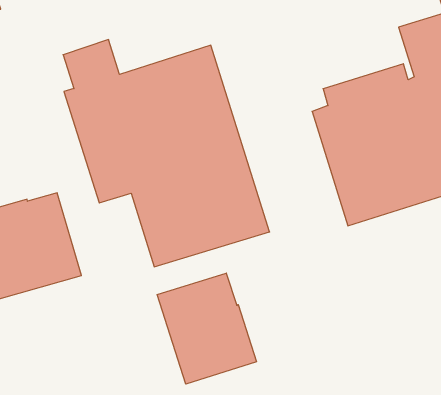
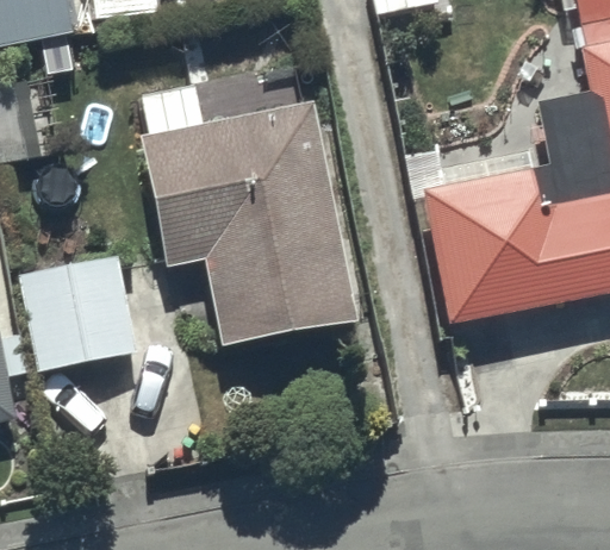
building: [157,273,257,384] -> none

